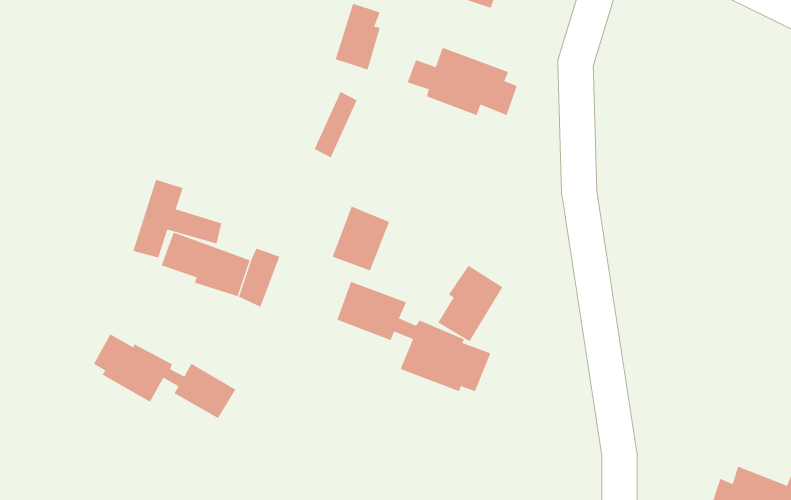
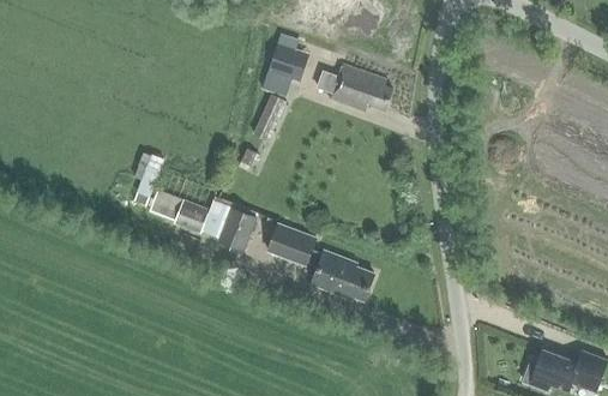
building: [332,206,390,271] -> [217,206,257,251]
building: [437,265,503,342] -> none
building: [93,333,236,419] -> none

